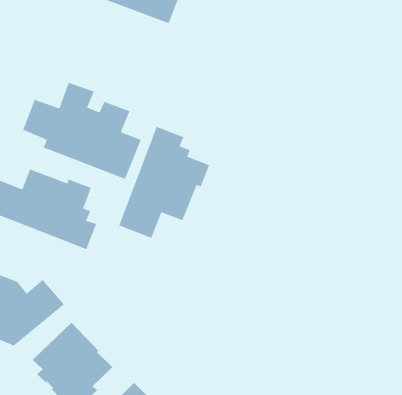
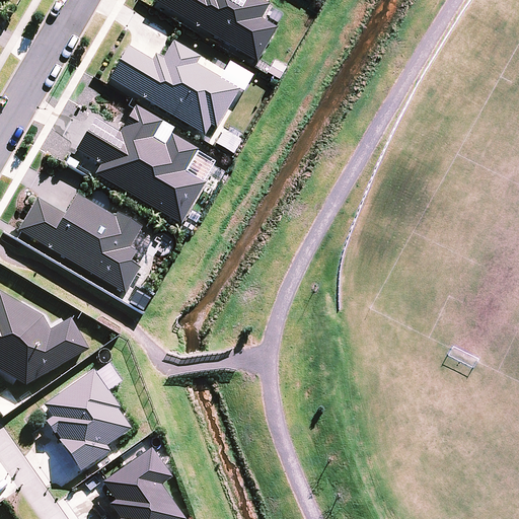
building: none -> [110,41,239,134]
building: [118,126,210,239] -> none

